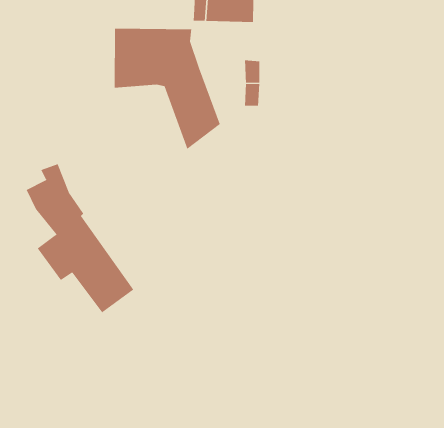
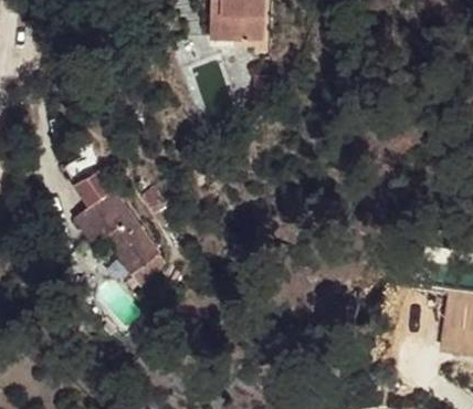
building: [114,28,221,150] -> none

